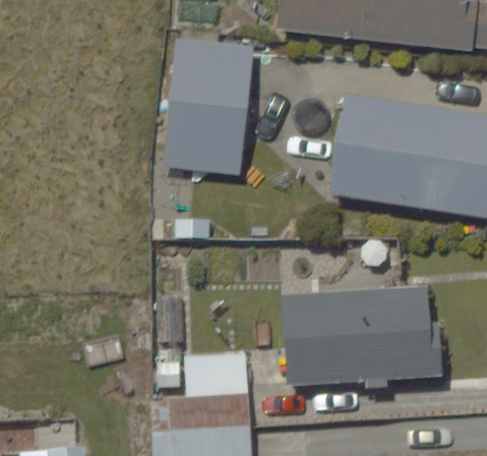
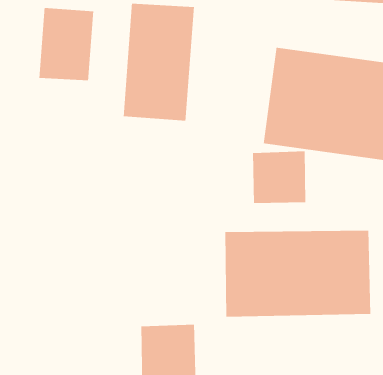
building: none -> [38,7,94,81]
building: none -> [252,150,306,204]

